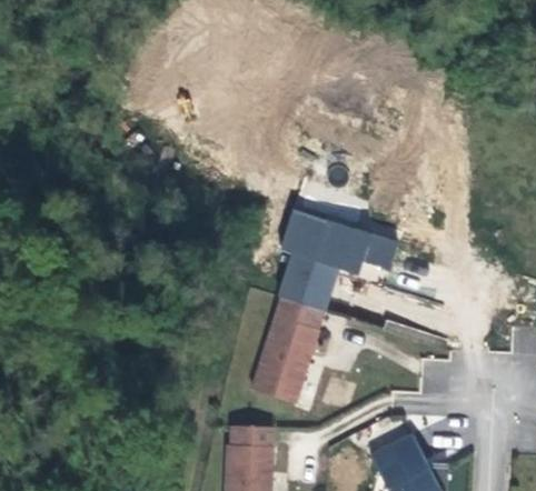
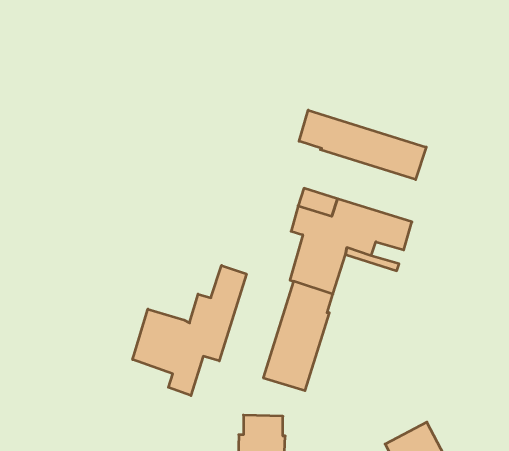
building: none -> [299,110,426,180]
building: none -> [133,265,246,396]

